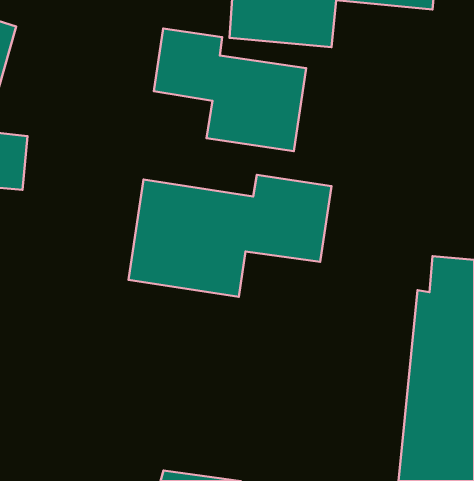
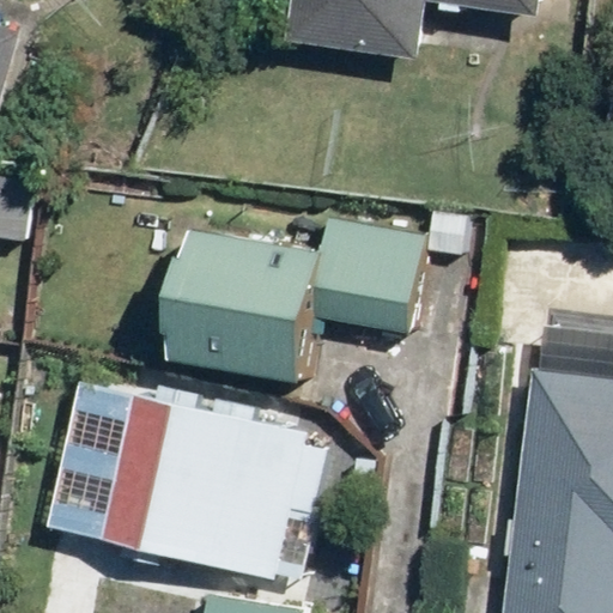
building: [154,28,306,151] -> none
building: none -> [104,399,308,579]

